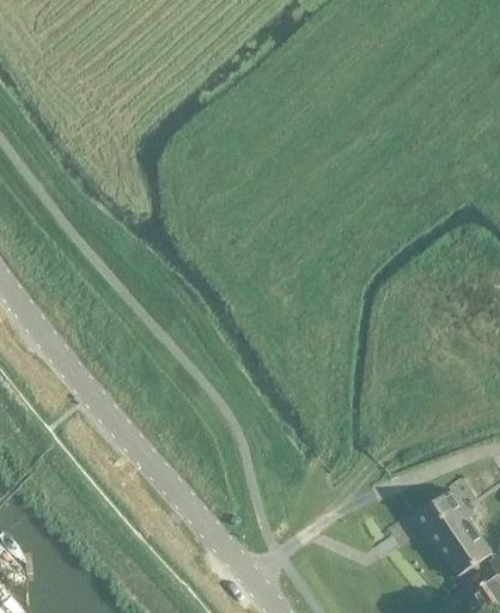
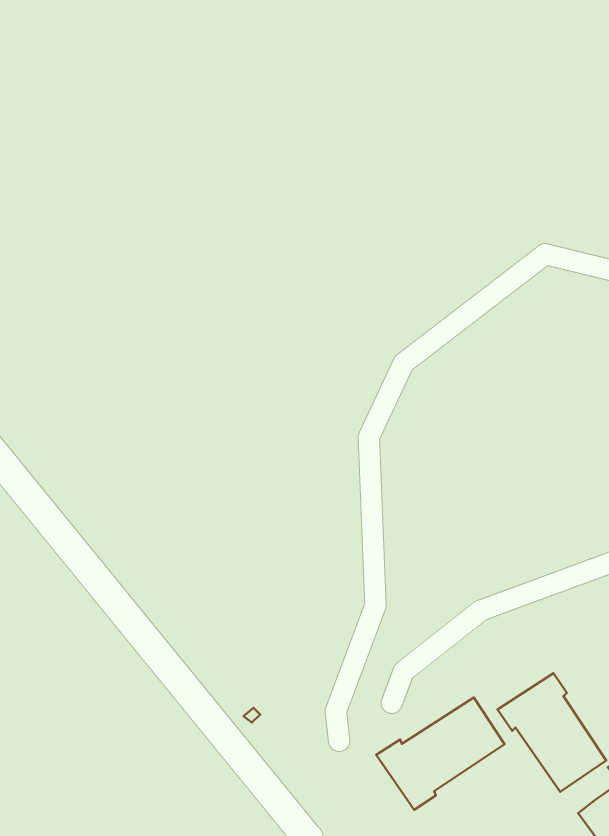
building: none -> [376,698,504,810]

